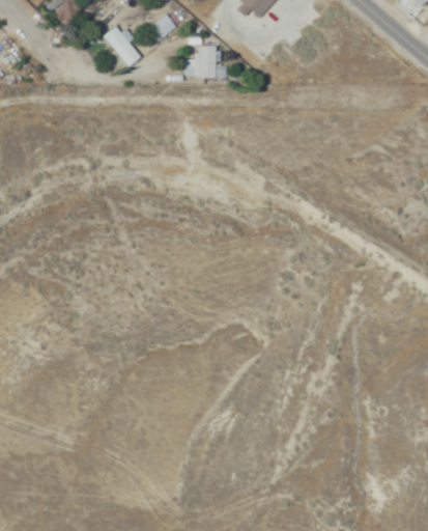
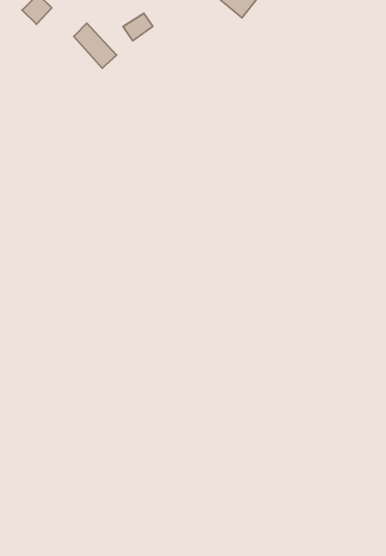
building: [186,46,216,76] -> none

